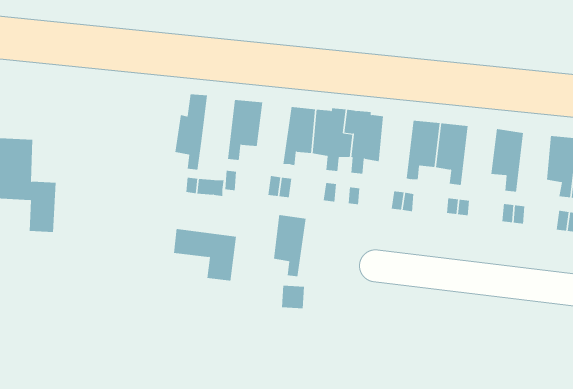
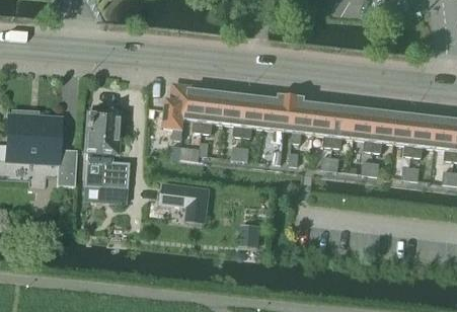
building: none -> [183,85,207,132]
building: none -> [313,100,337,146]
building: none -> [373,107,398,152]
building: none -> [84,108,129,203]
building: none -> [413,112,438,157]
building: [273,214,306,277] -> [224,90,248,136]

